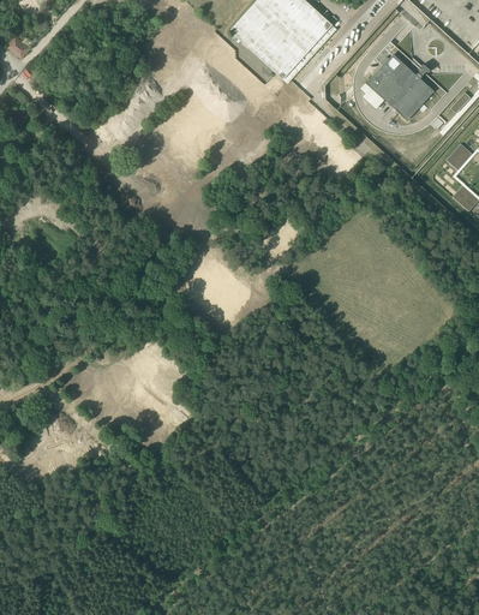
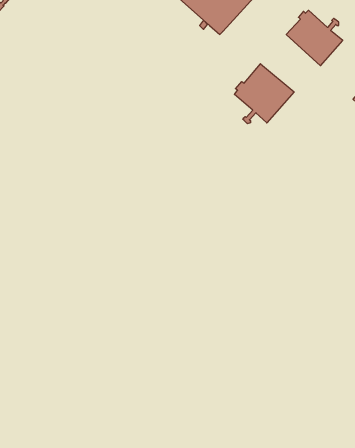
building: none -> [234,64,294,124]

